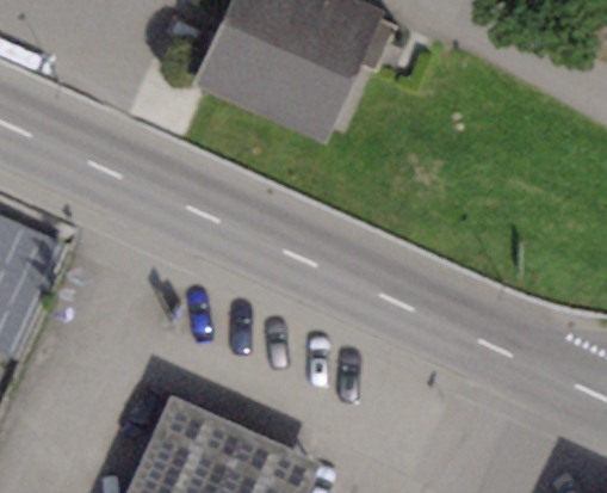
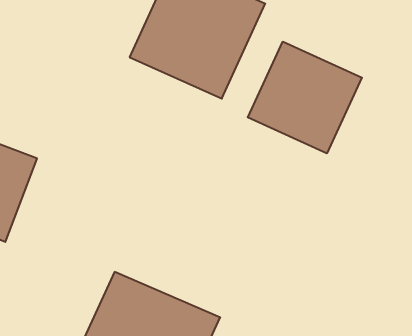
building: none -> [248,42,362,153]

